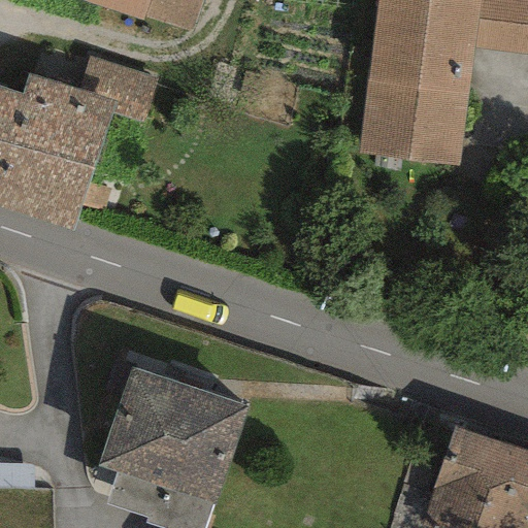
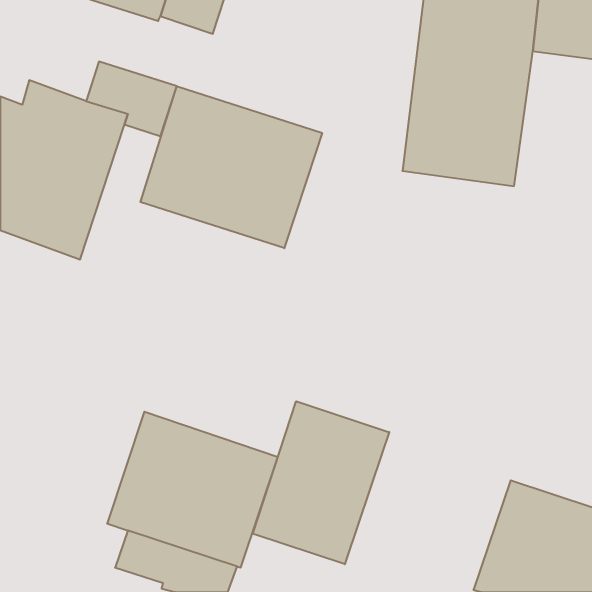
building: none -> [140,86,322,248]
building: none -> [253,401,389,564]

